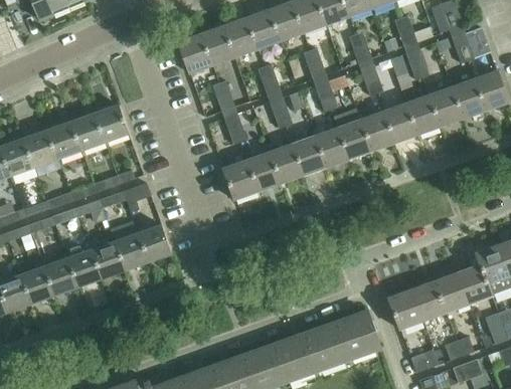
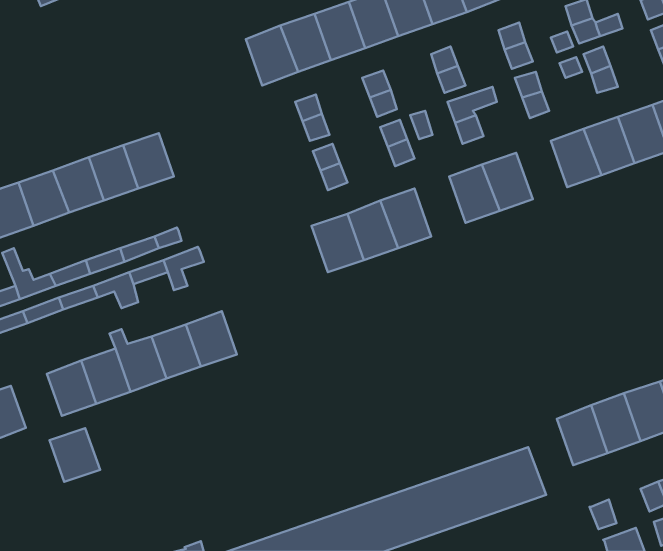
building: [360,111,394,150] -> none
building: [292,135,326,175] -> none
building: [20,267,54,304] -> [49,428,100,482]

